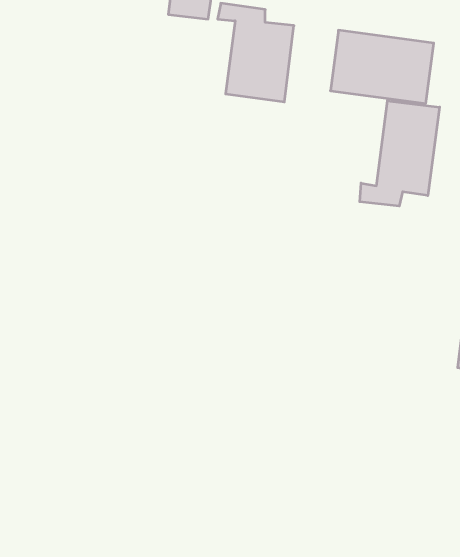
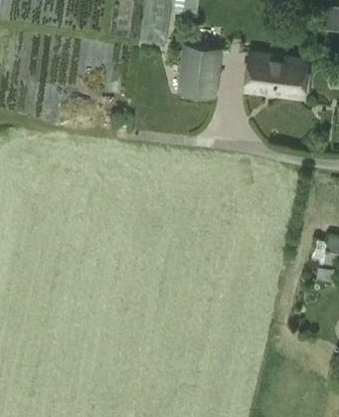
building: [360,101,440,206] -> none

